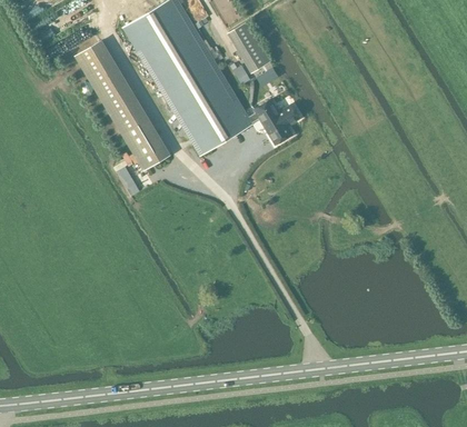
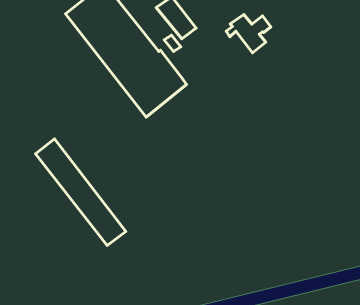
building: [77,41,168,169] -> [36,139,126,246]
building: [248,100,299,145] -> [226,14,271,53]

